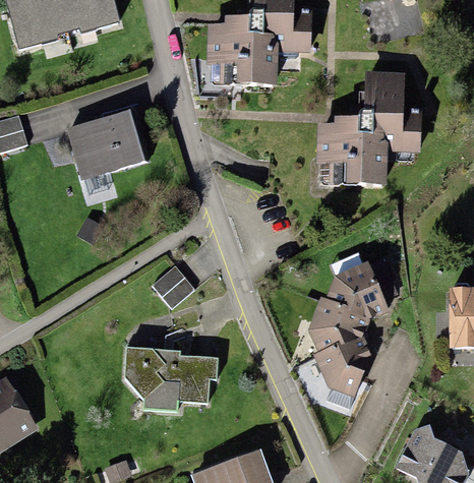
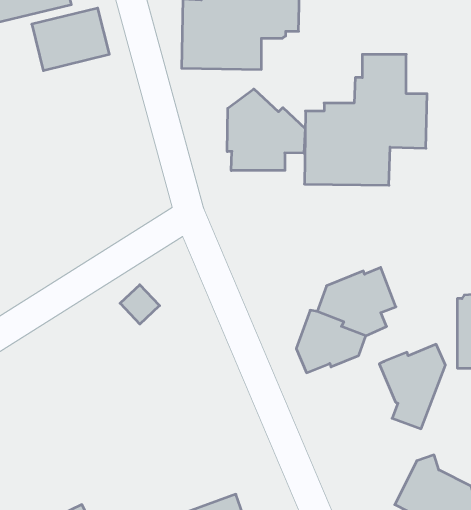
building: none -> [227,89,305,171]
building: [70,120,138,175] -> [32,8,109,71]
building: [314,334,372,408] -> [379,344,445,429]
building: [125,353,218,408] -> none

